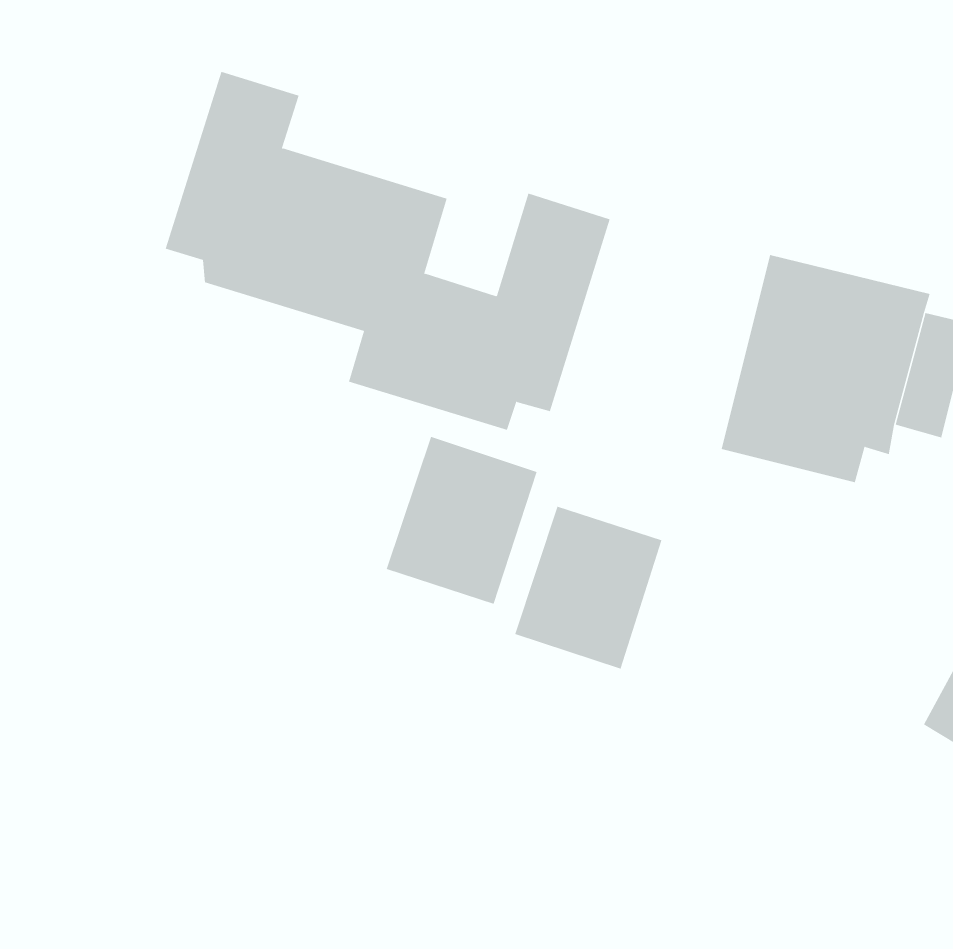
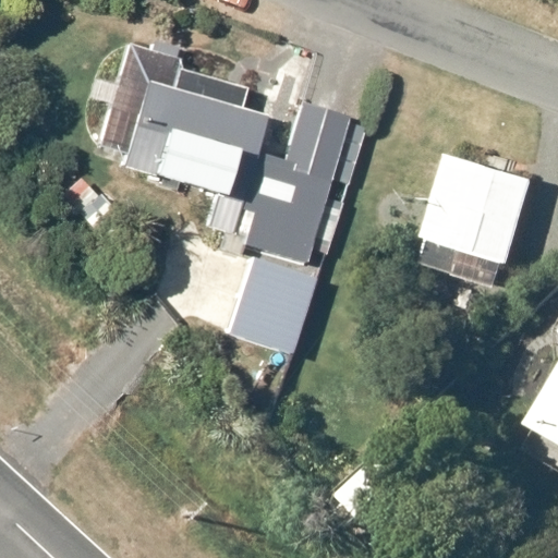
building: [514,506,662,669] -> none

